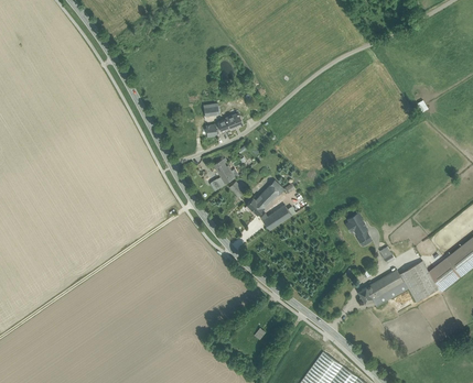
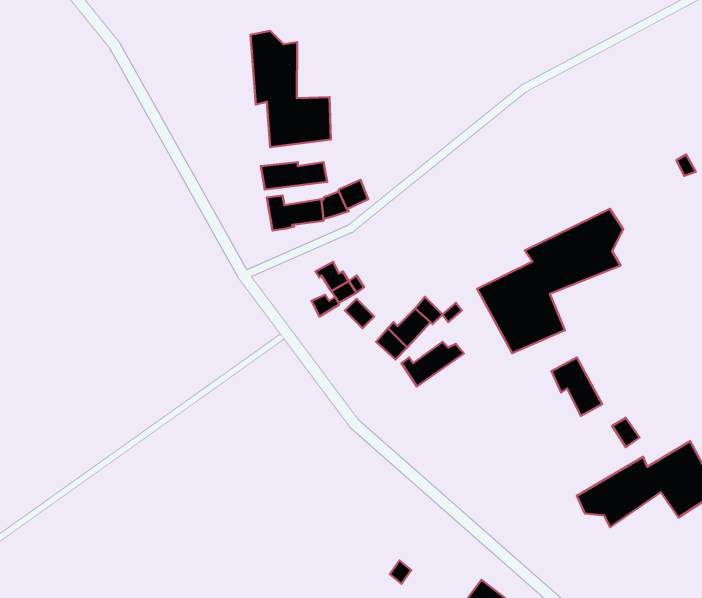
building: none -> [250,31,331,147]
building: none -> [477,209,623,353]

